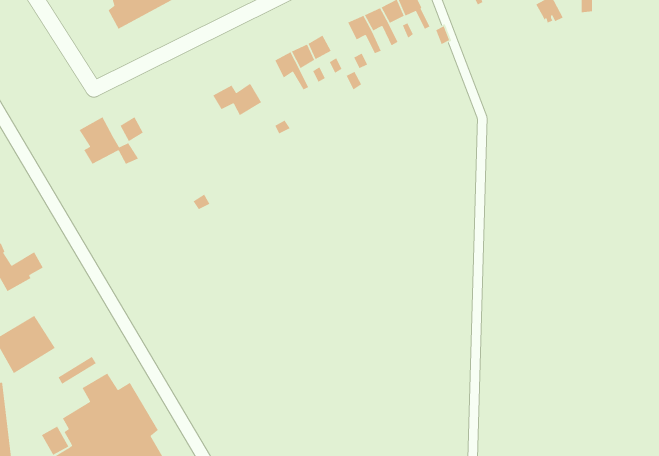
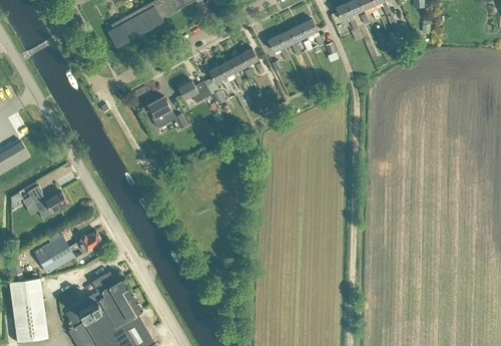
building: none -> [204,65,232,104]
building: [79,116,139,165] -> [148,96,188,128]
building: none -> [70,231,103,258]

